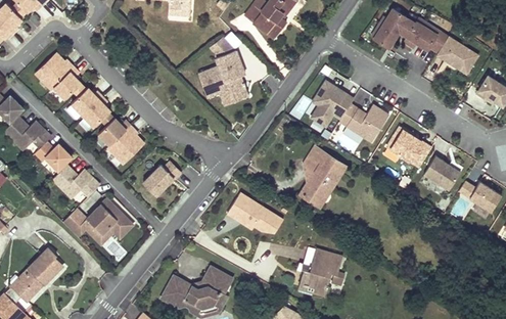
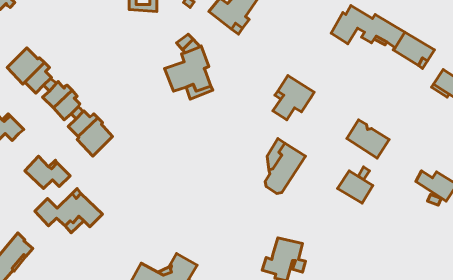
building: [338,104,388,143] -> none
building: [36,142,72,171] -> none
building: [423,157,460,191] -> [337,171,373,203]
building: [143,163,181,196] -> none
building: [228,192,282,233] -> none

